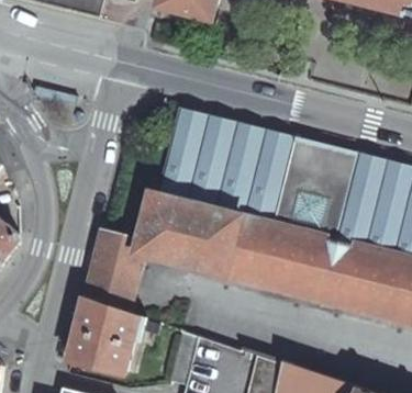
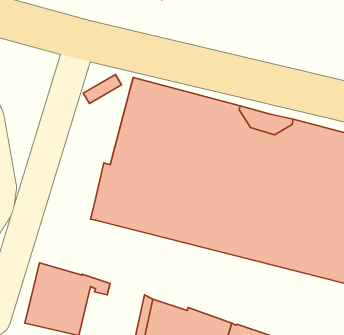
building: [80,232,140,313] -> none

